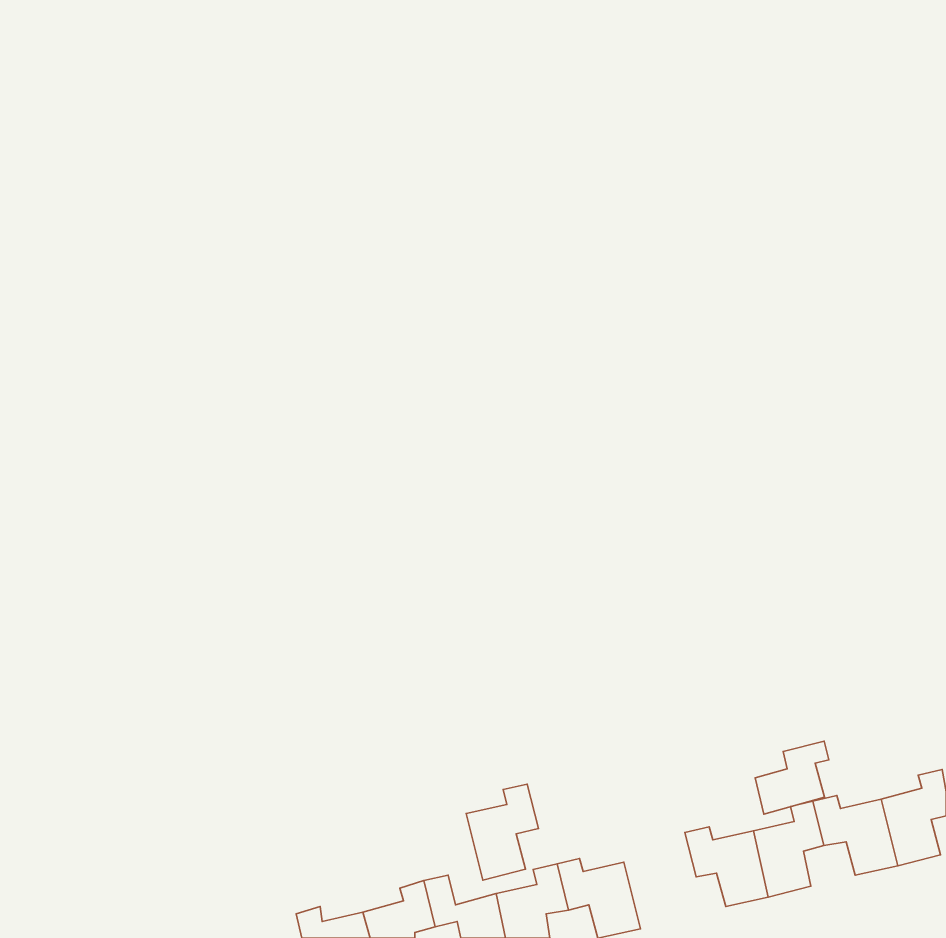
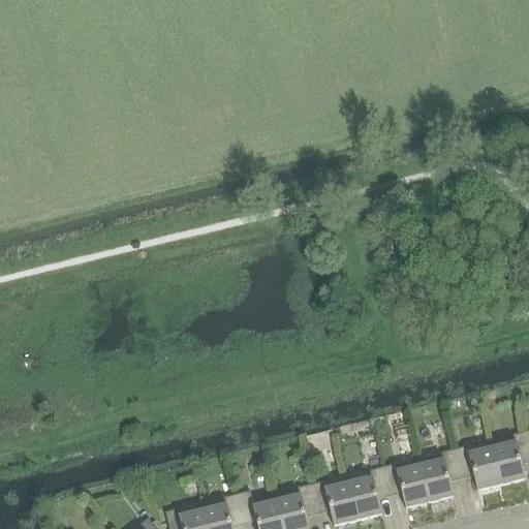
building: [755,741,829,814] -> none
building: [466,784,538,880] -> [348,465,388,519]

